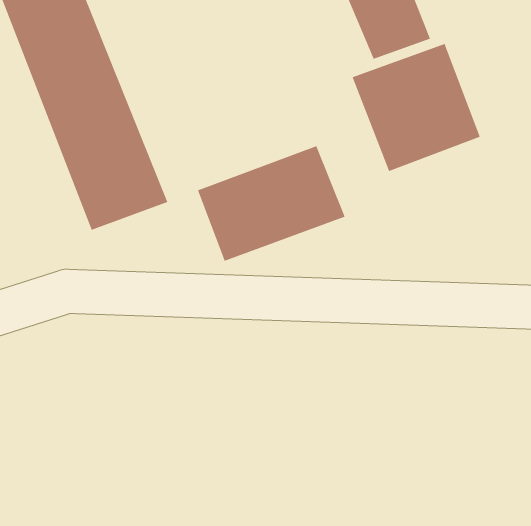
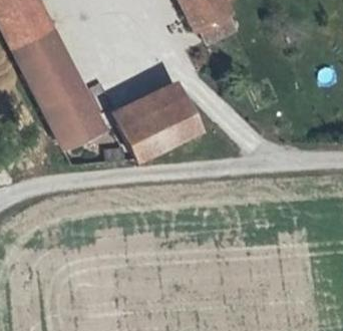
building: [352,43,481,172] -> none

